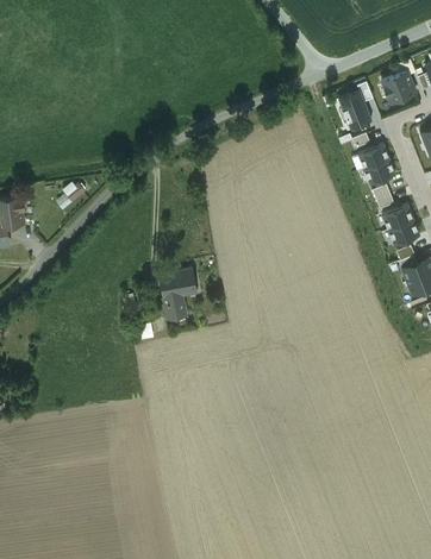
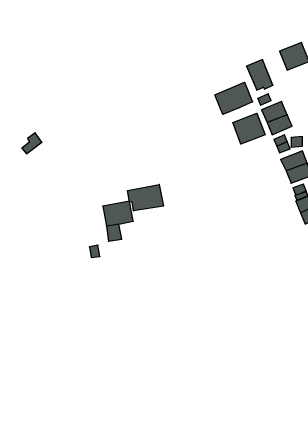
building: none -> [215,82,253,114]
building: none -> [233,113,265,144]
building: none -> [128,184,163,211]

